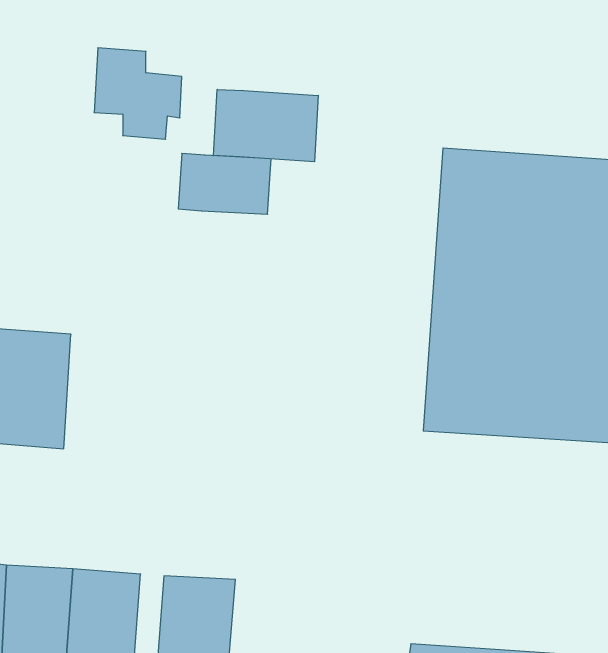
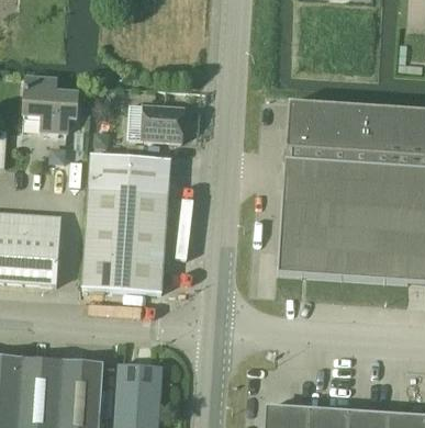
building: [94,48,182,139] -> [23,75,77,131]
building: [214,89,318,162] -> none
building: none -> [82,153,170,291]

